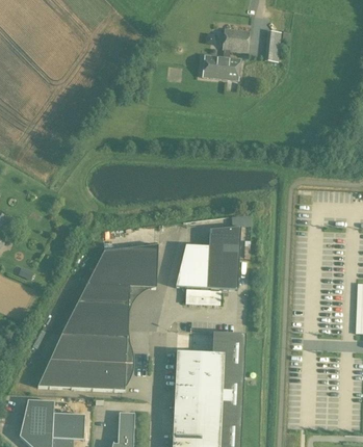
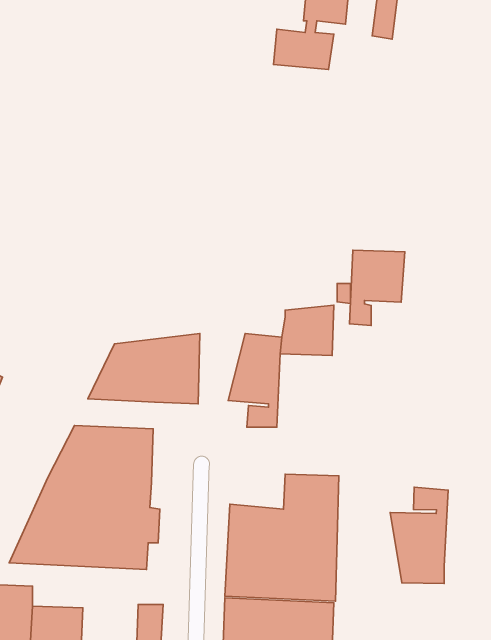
building: [205,256,239,303] -> [349,250,405,326]
building: [79,284,129,303] -> none
building: none -> [390,487,448,583]

